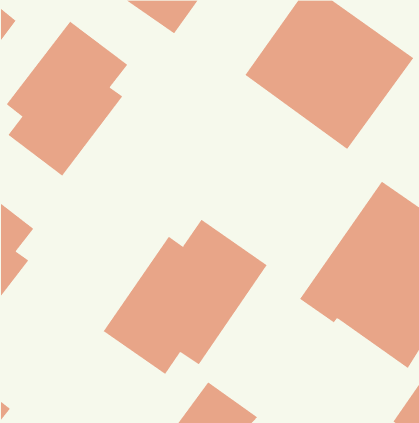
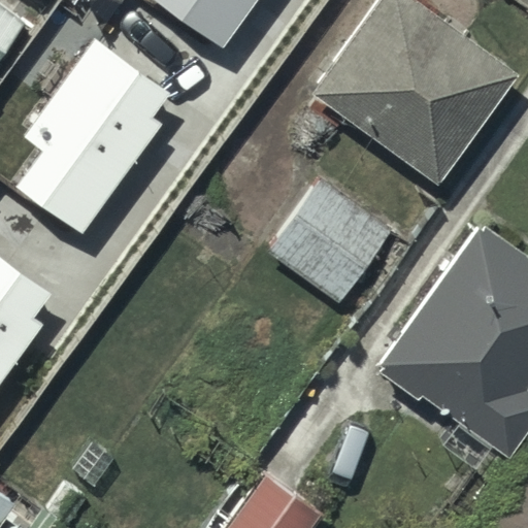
building: none -> [269,180,394,305]
building: [103,219,267,375] -> none

